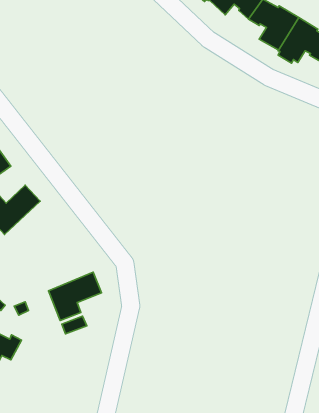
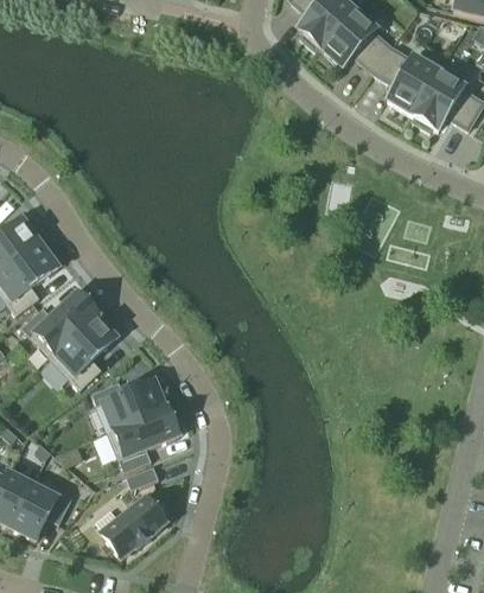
building: none -> [50,312,116,388]
building: none -> [91,380,167,431]
building: none -> [95,497,166,556]

